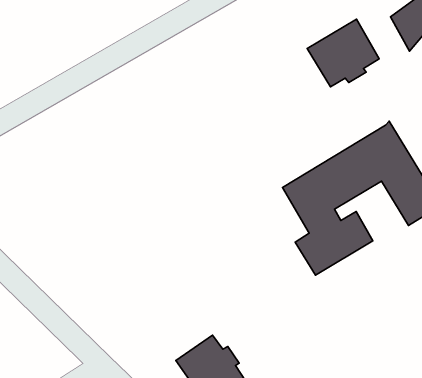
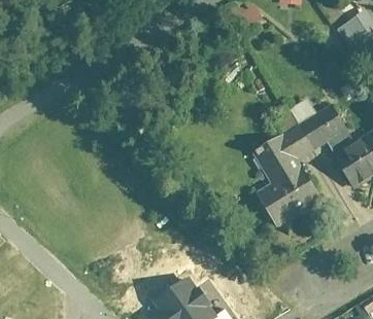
building: [307,19,379,87] -> none

